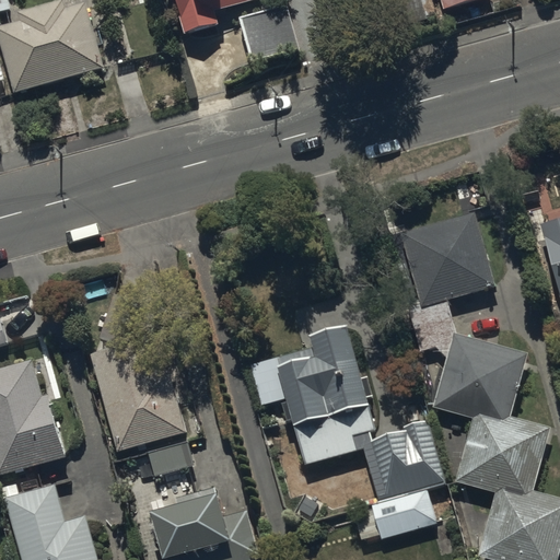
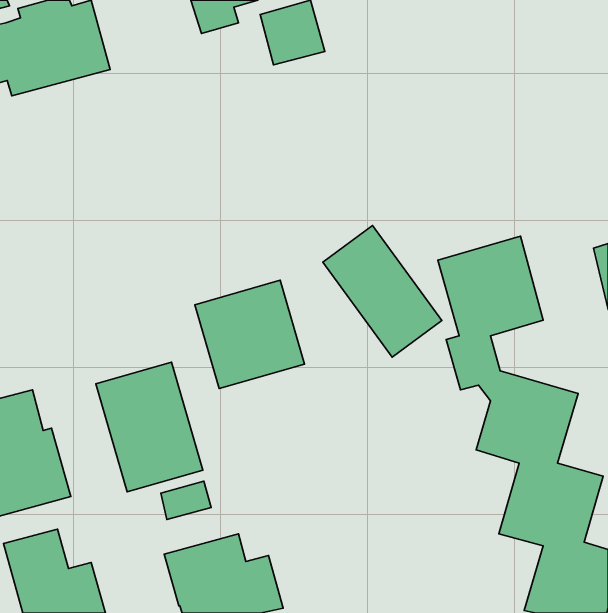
building: none -> [323,226,442,357]
building: none -> [195,280,305,389]
building: [278,329,444,545] -> none

